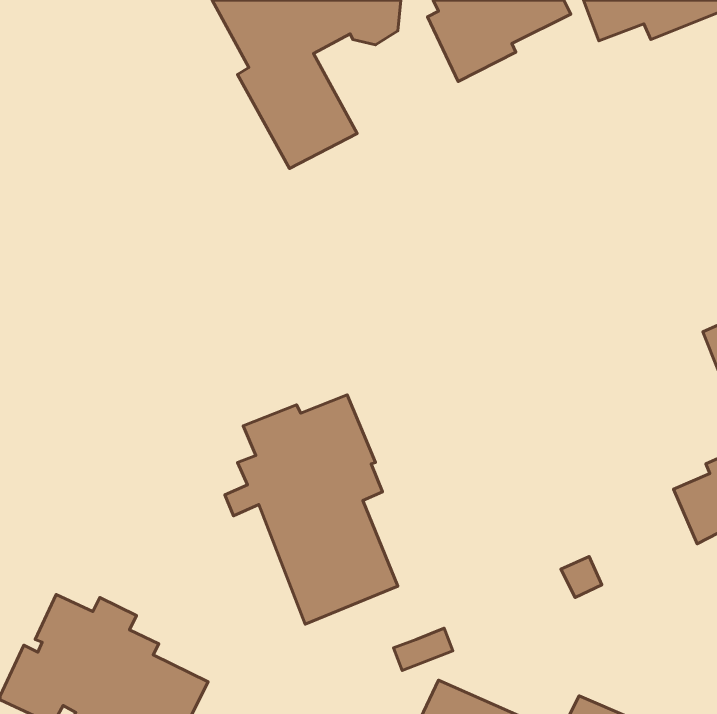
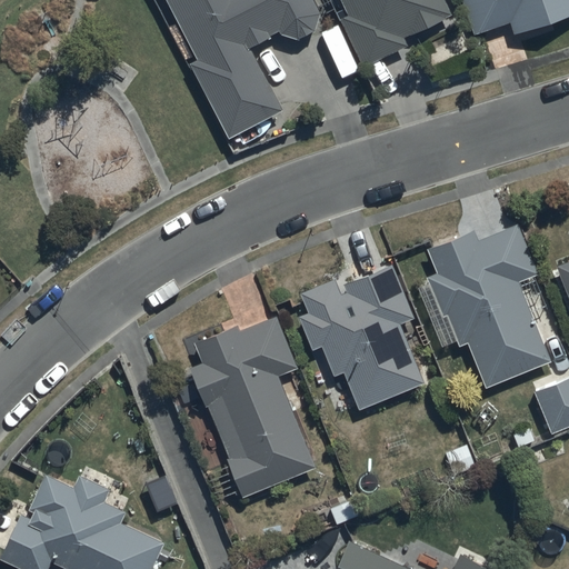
building: none -> [417,223,551,388]
building: none -> [300,263,426,410]

